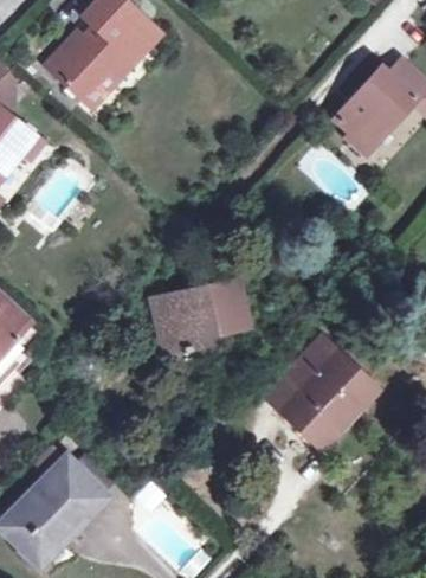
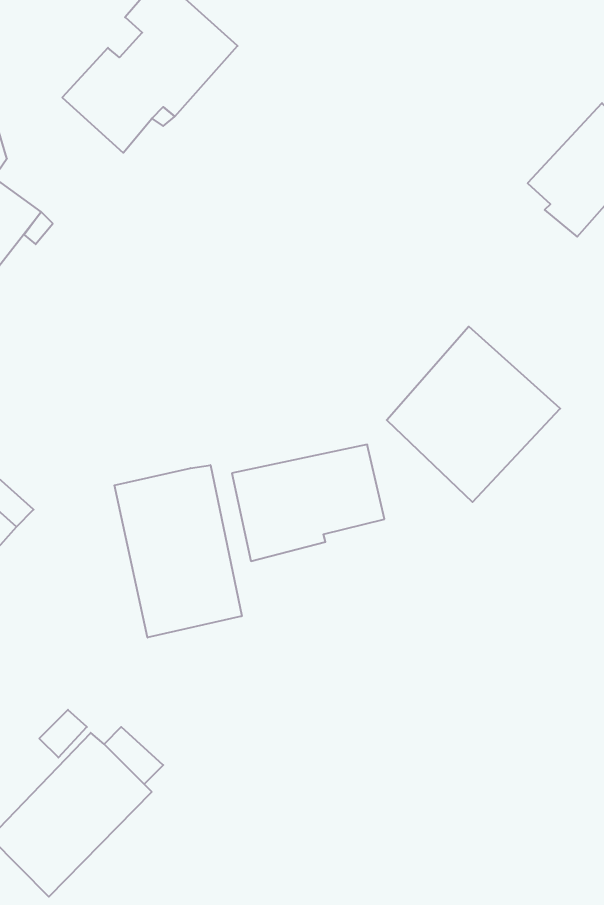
building: none -> [114,465,242,638]
building: [267,339,375,448] -> [387,327,560,502]

